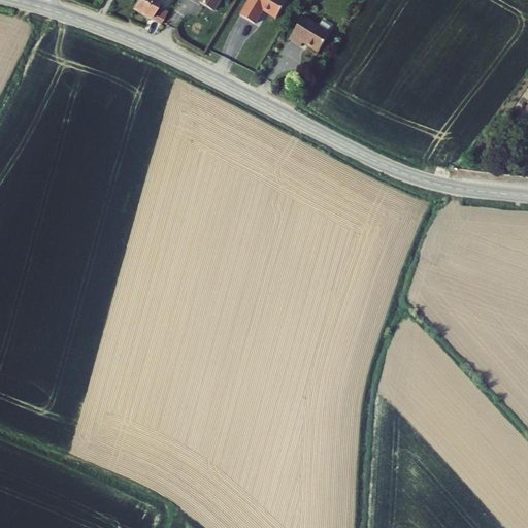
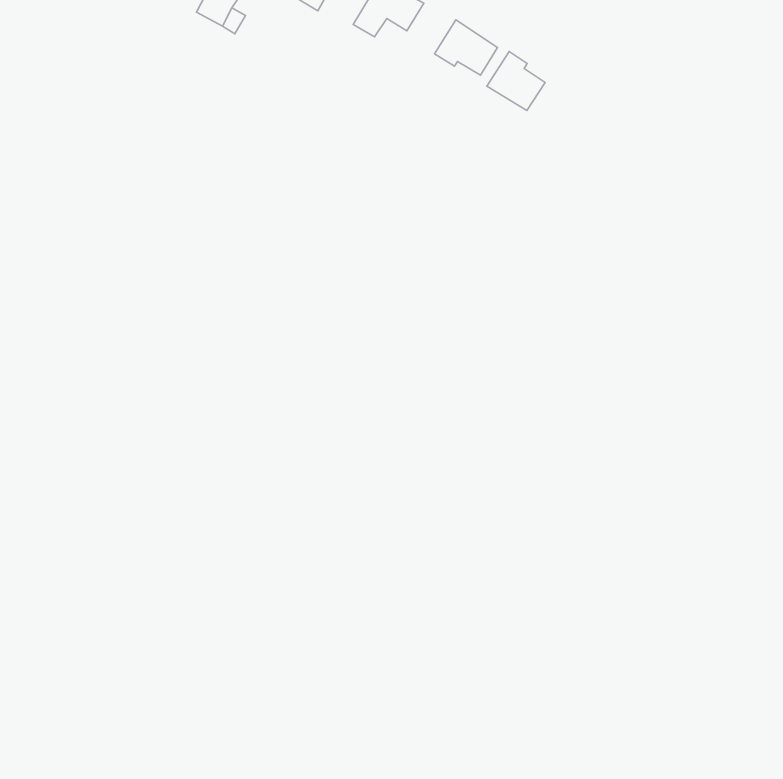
building: none -> [487,51,545,110]

